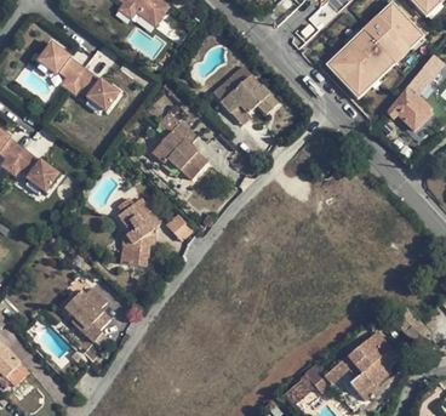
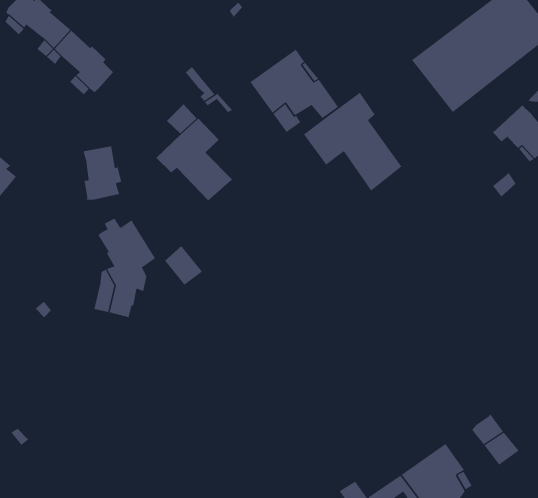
building: none -> [302,92,402,192]
building: none -> [83,145,122,200]
building: [64,286,112,347] -> none

